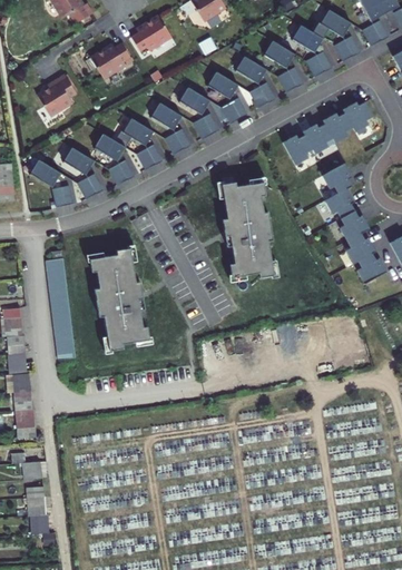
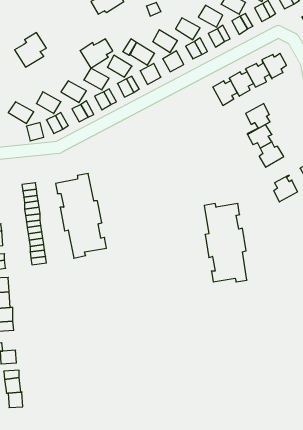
building: [91,43,131,79] -> [80,39,113,68]
building: [219,180,272,276] -> [204,204,247,282]
building: [344,226,373,262] -> none

